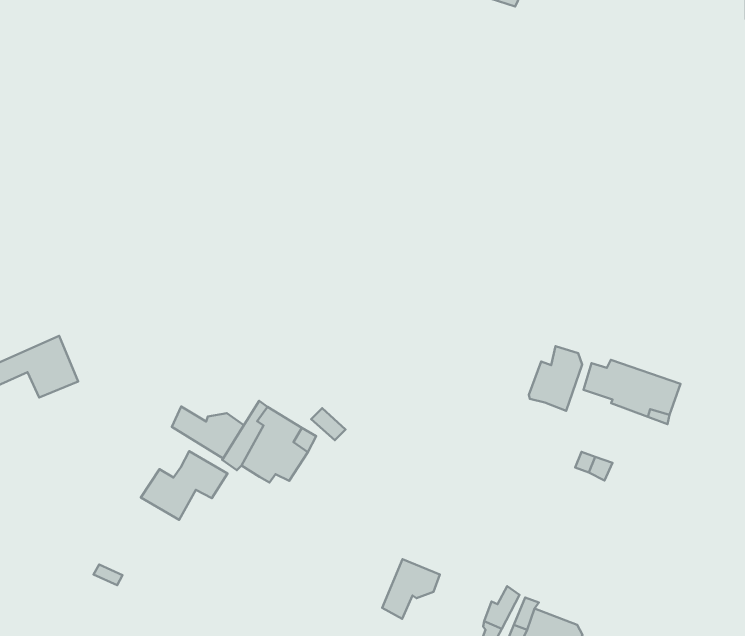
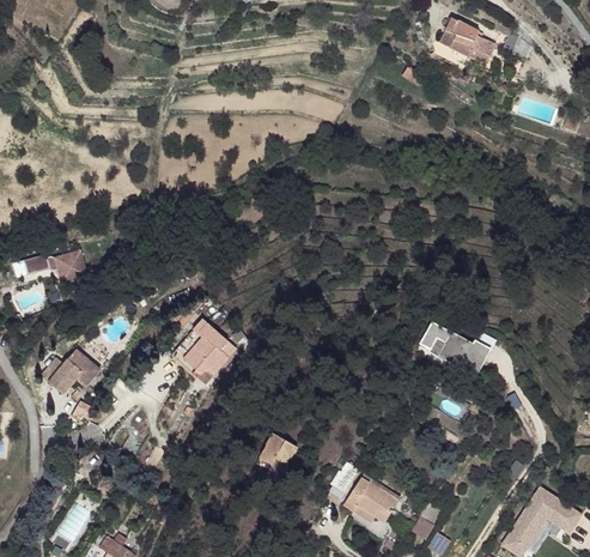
building: [529,346,582,411] -> none
building: [172,406,244,458] -> none
building: [141,451,227,520] -> [39,350,99,394]

